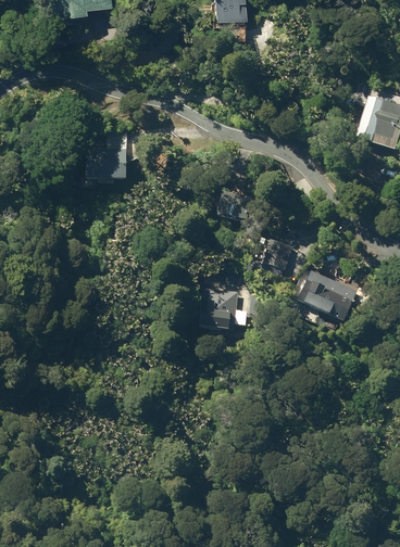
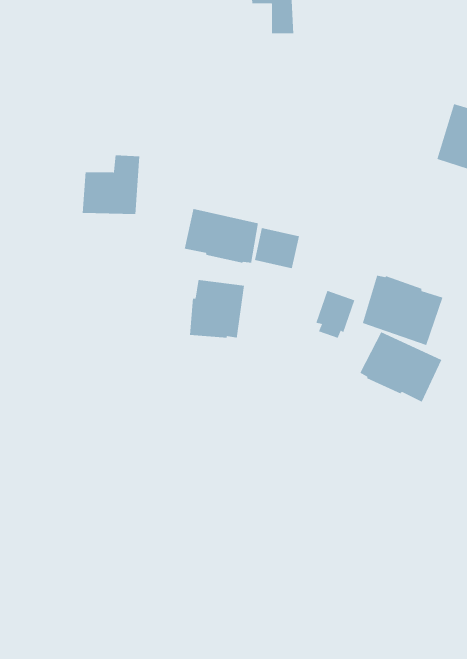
building: none -> [184,208,259,264]
building: none -> [362,275,443,346]
building: [198,285,240,330] -> [189,280,245,338]

